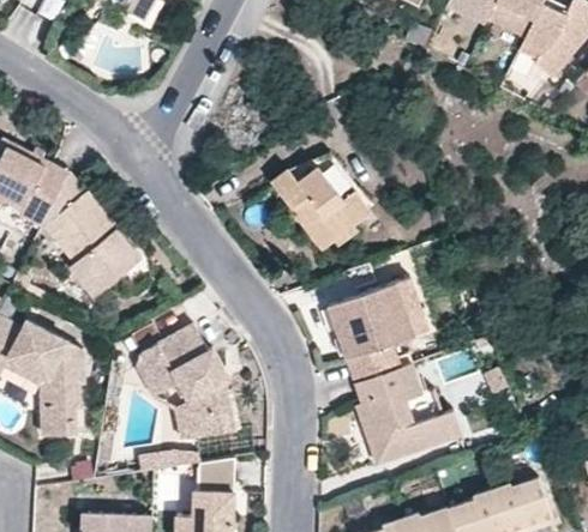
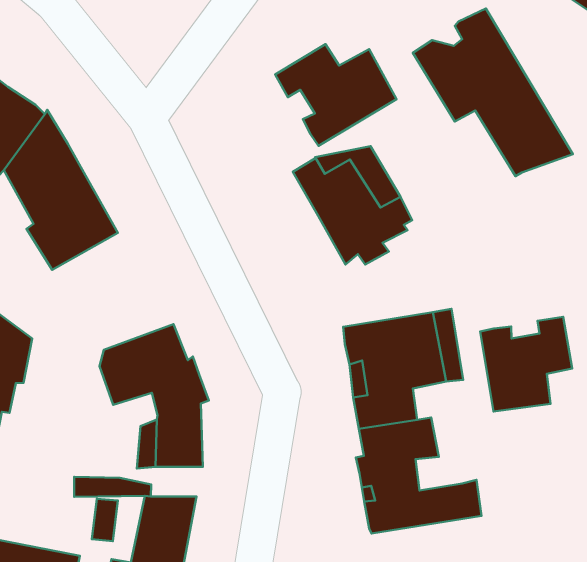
building: none -> [413,8,573,176]
building: none -> [275,44,397,146]
building: none -> [480,317,572,411]

